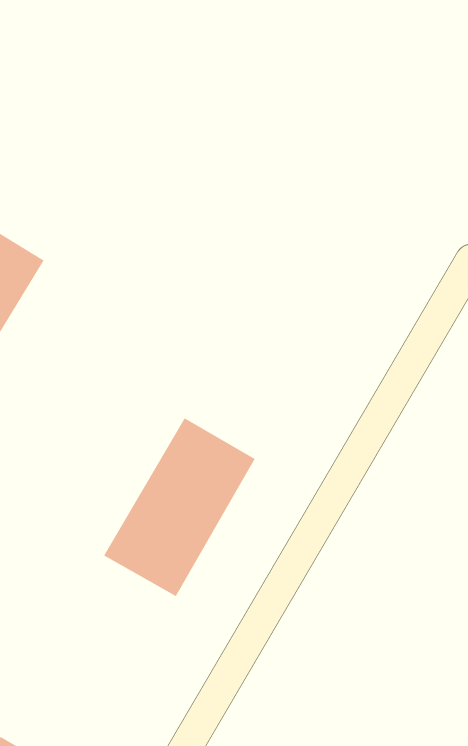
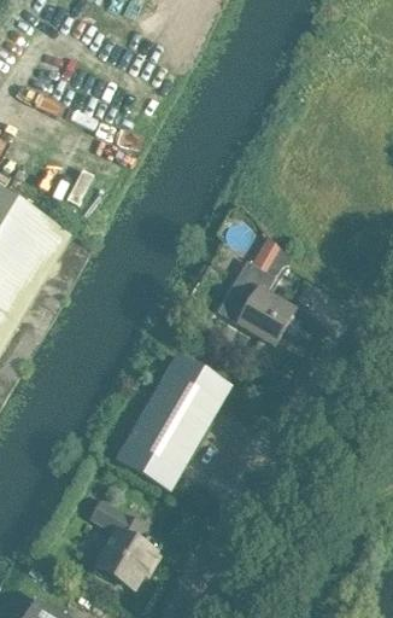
building: none -> [237,245,295,342]
building: none -> [93,499,156,584]

